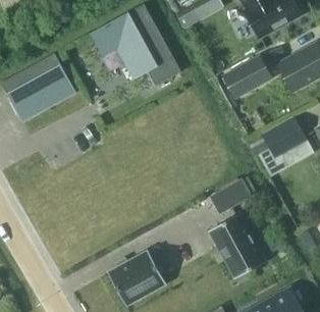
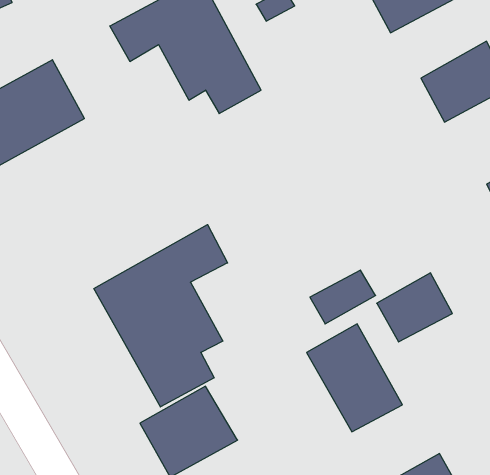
building: [221,55,272,100] -> none
building: [261,116,307,158] -> [377,273,452,342]
building: none -> [94,225,228,407]

